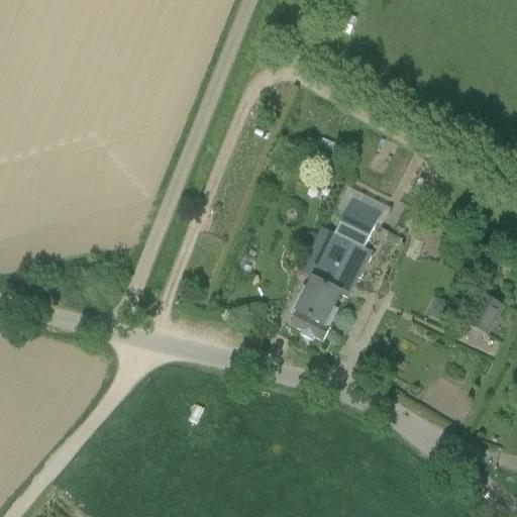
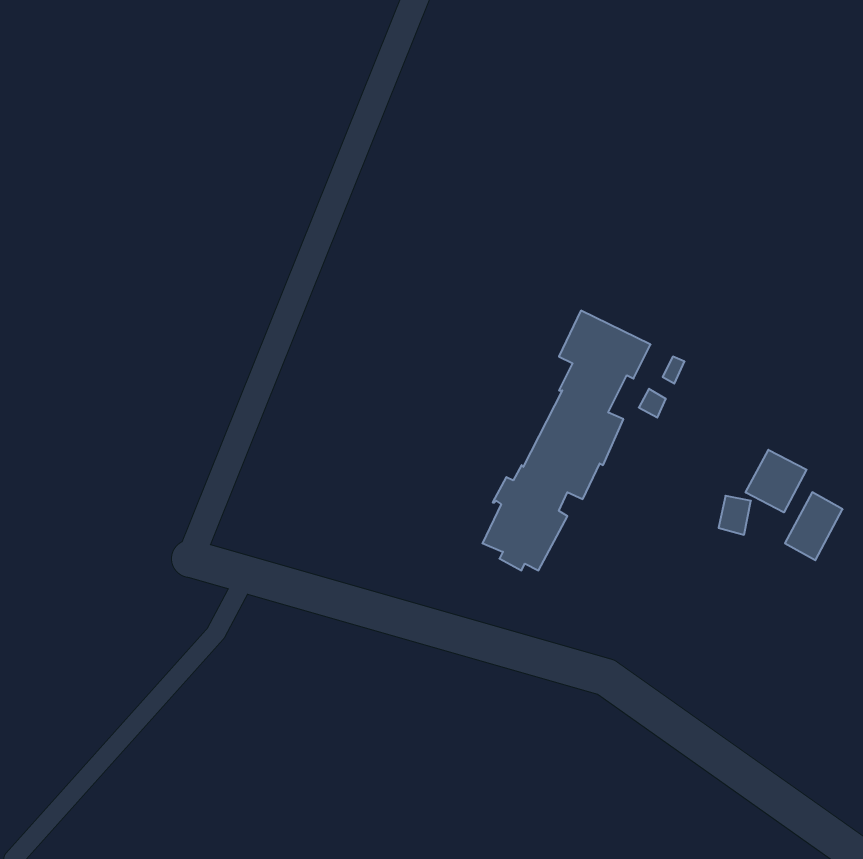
building: none -> [746,450,807,512]

